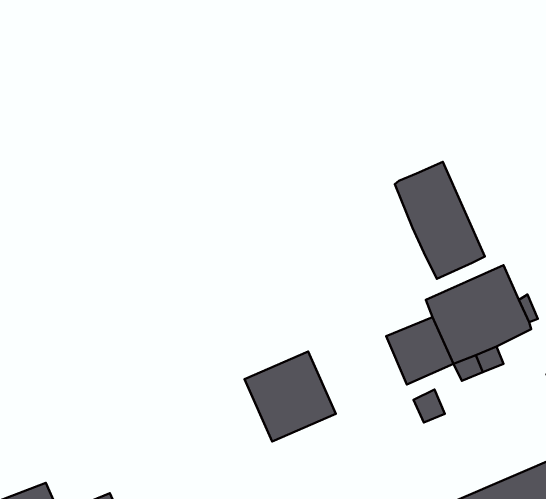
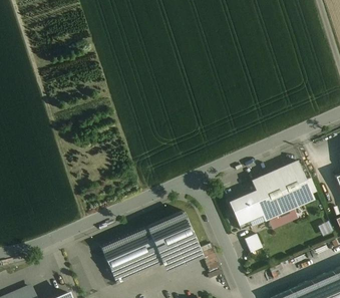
building: [395,162,485,279] -> none
building: none -> [100,227,162,283]

